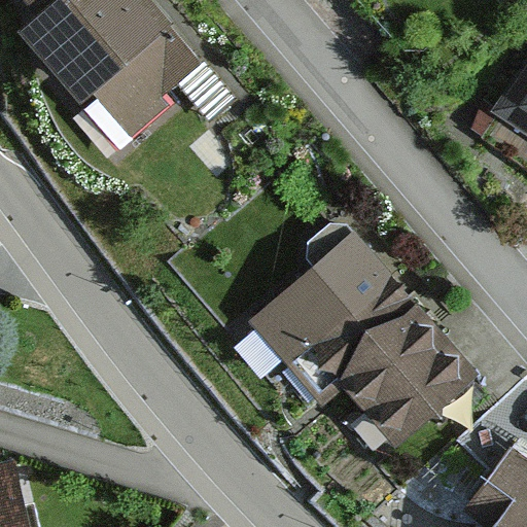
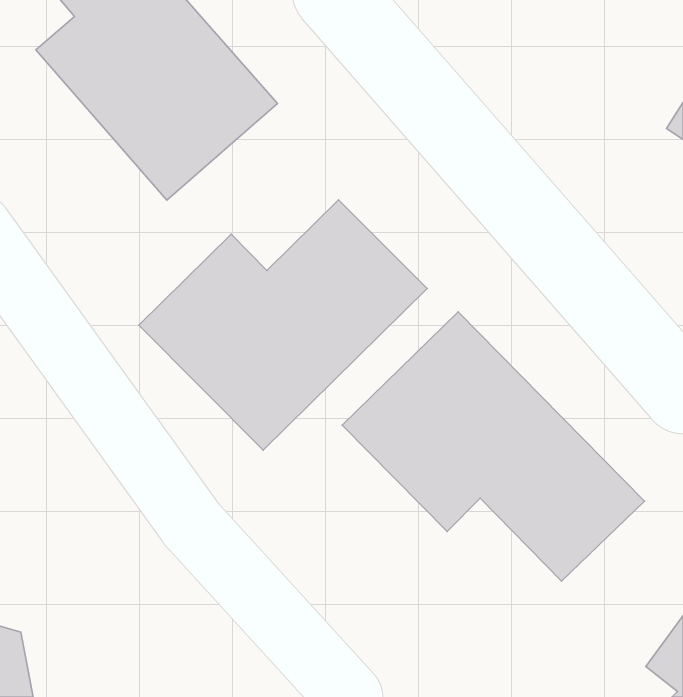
building: none -> [139,200,427,450]

